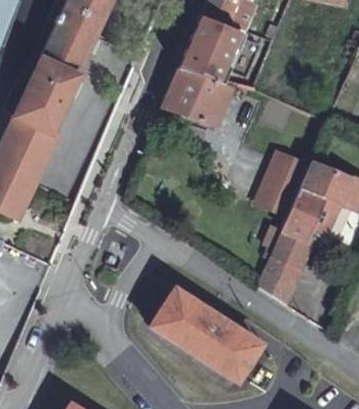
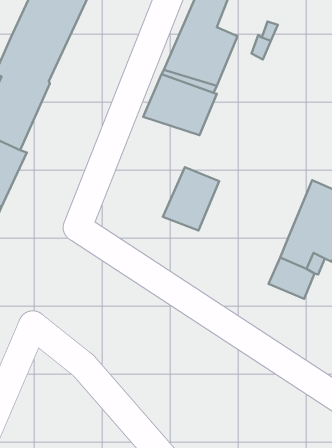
building: [258,156,308,212] -> [163,167,219,231]
building: [259,253,304,302] -> none
building: [152,290,260,380] -> none

